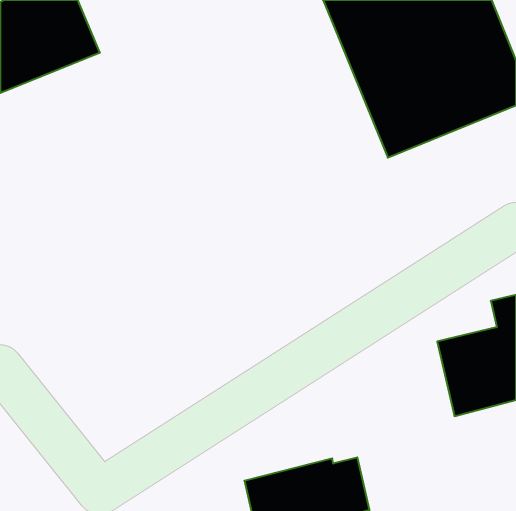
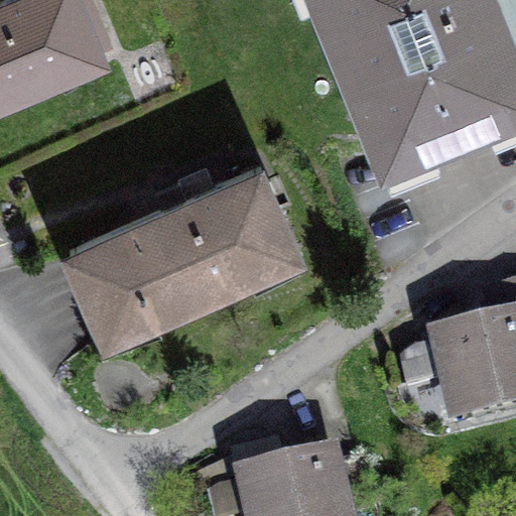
building: none -> [72,171,295,336]

